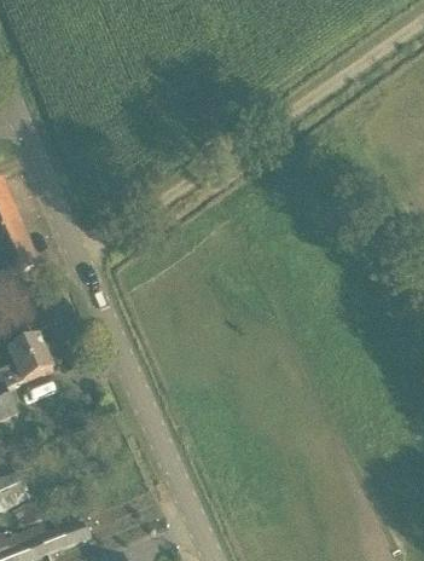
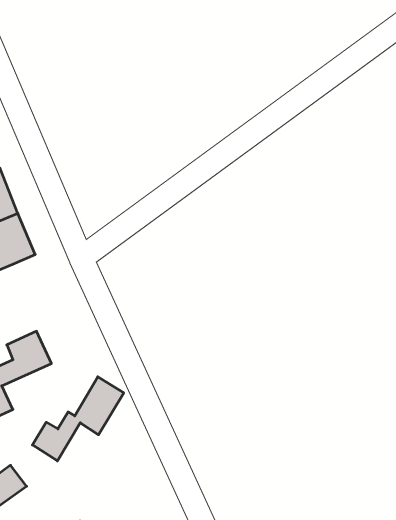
building: none -> [32,377,124,461]

